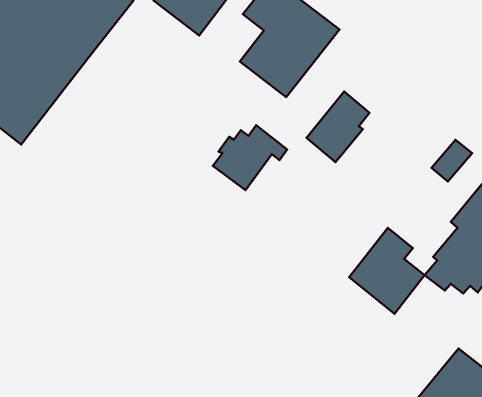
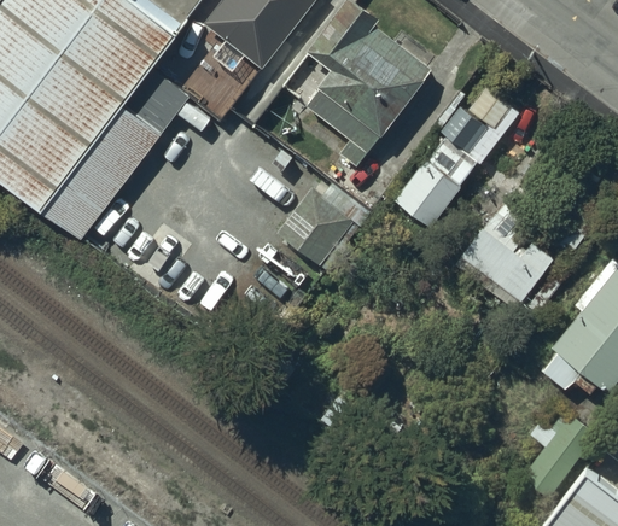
building: none -> [447,87,514,158]
building: none -> [39,101,168,244]
building: [349,228,425,314] -> [462,197,556,304]

